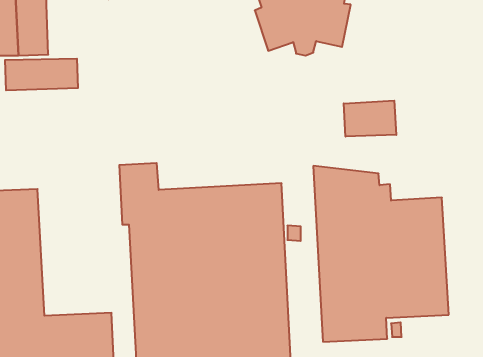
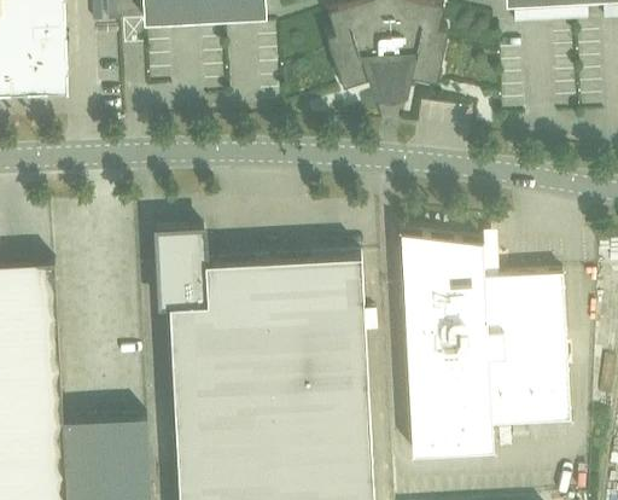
building: [5,59,78,90] -> none
building: [344,101,396,137] -> none

